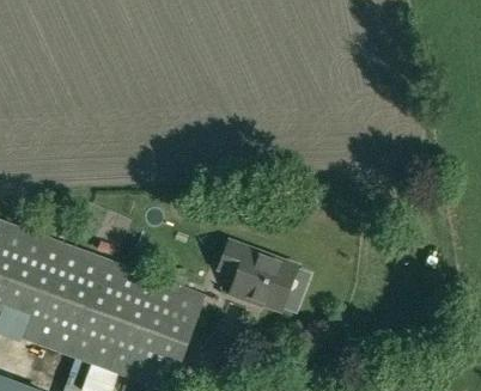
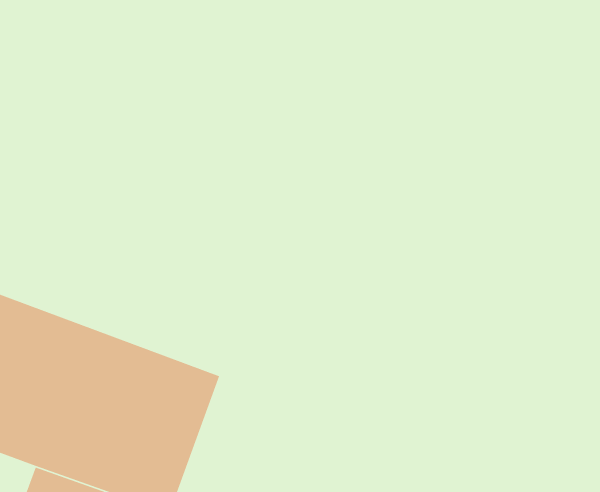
building: [219,242,300,310] -> none

